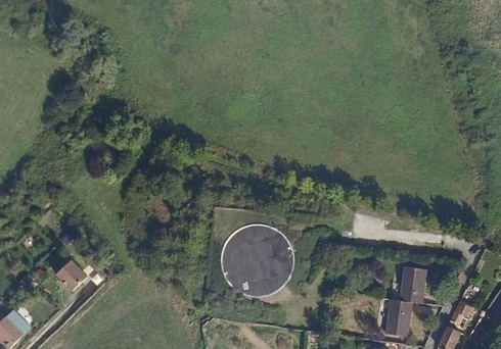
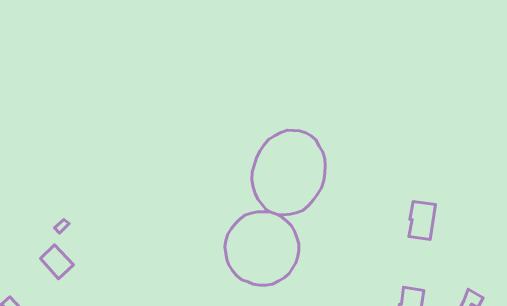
building: none -> [252,130,325,215]
building: [403,265,428,302] -> [409,201,435,240]

